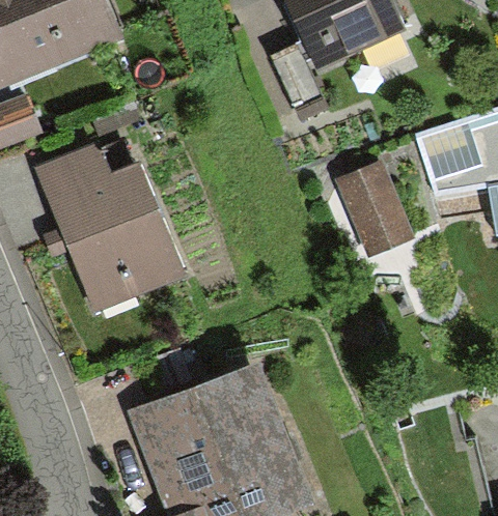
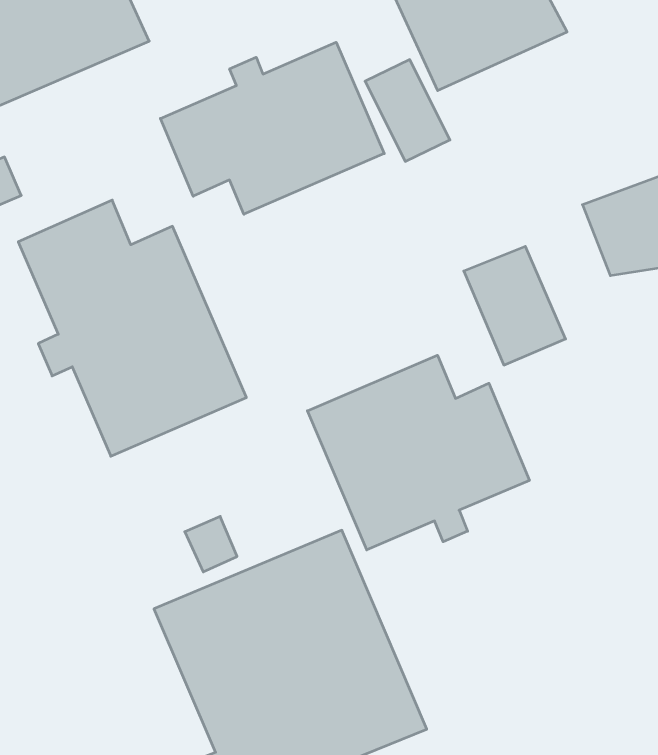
building: none -> [160,42,384,214]
building: none -> [307,355,529,550]

